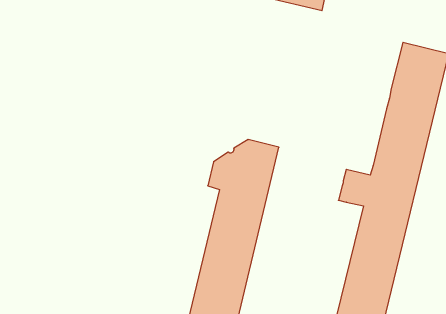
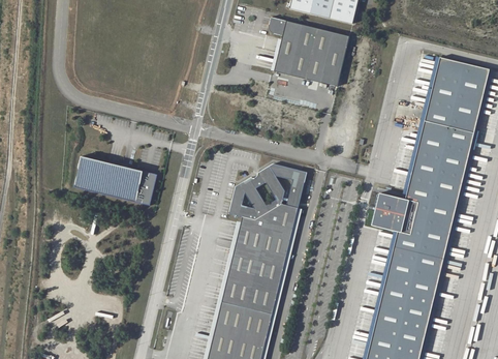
building: none -> [269,16,348,86]
building: none -> [73,156,157,205]

